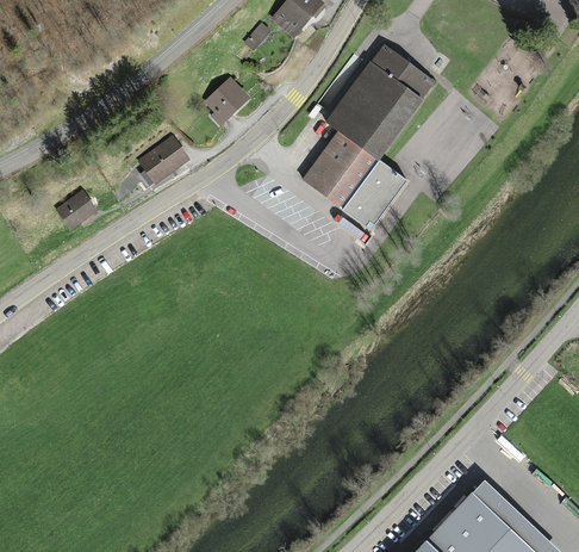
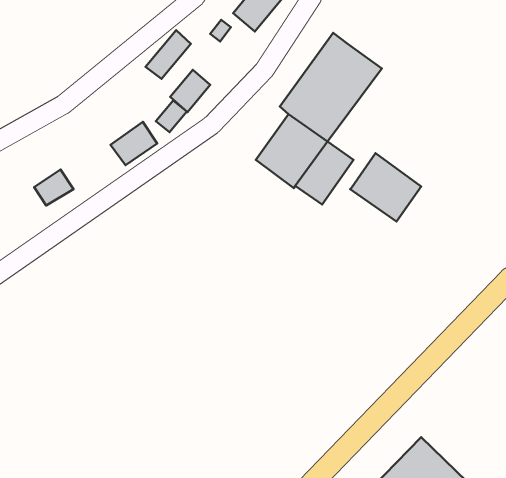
building: none -> [145,30,191,79]
building: none -> [156,101,187,132]
building: none -> [350,153,421,221]

